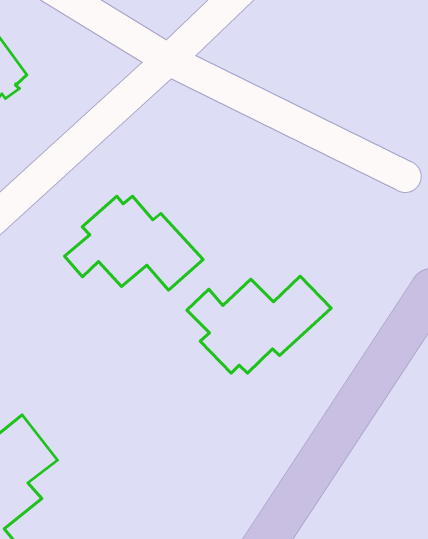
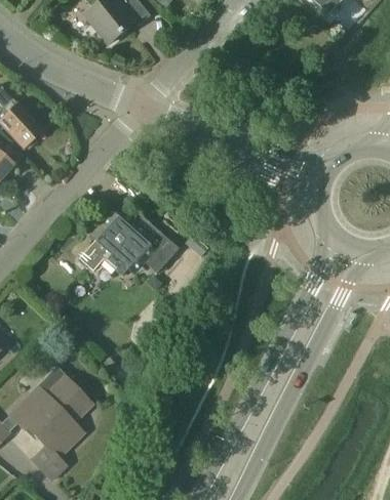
building: [187,276,331,373] -> none

